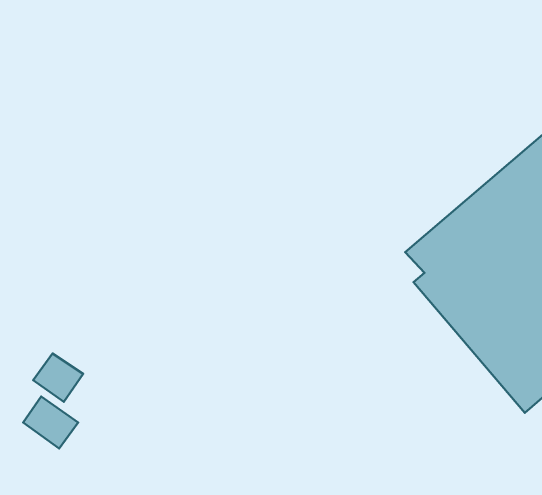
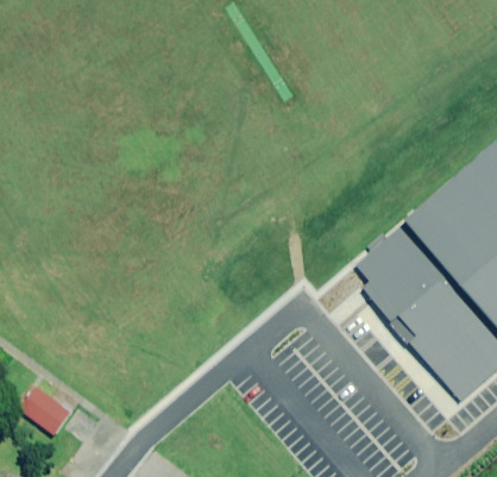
building: [33,353,83,402] -> none

